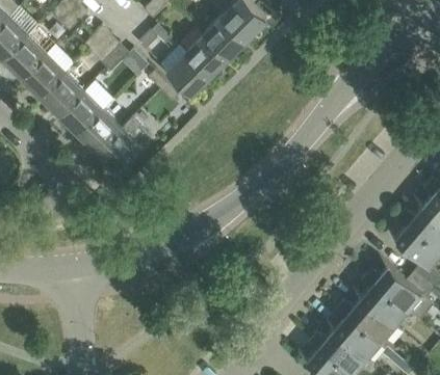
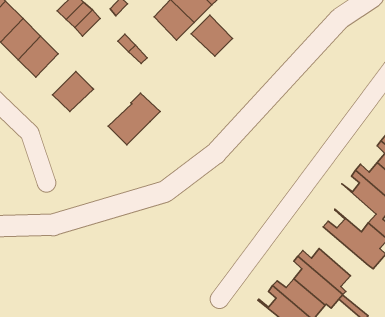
building: [166,52,210,96] -> [191,15,232,56]
building: [60,91,103,135] -> none
building: [97,117,152,172] -> [108,93,160,145]
building: [362,275,414,327] -> none

